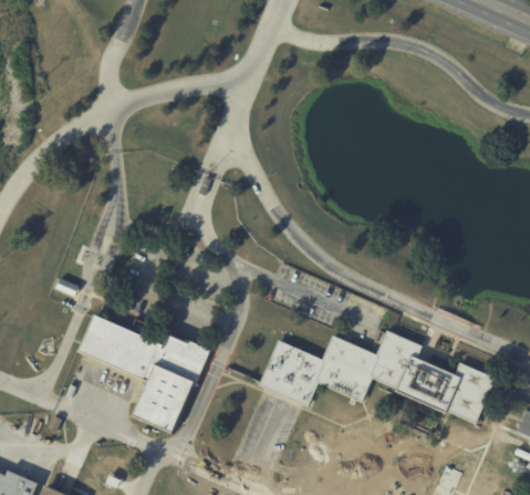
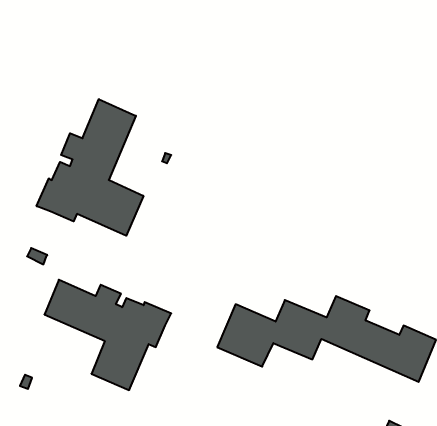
building: none -> [37,99,143,236]

